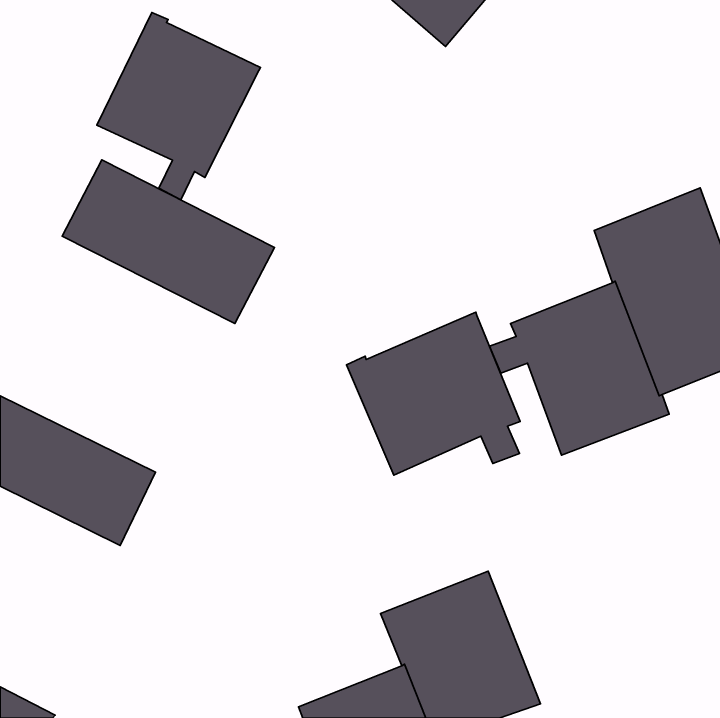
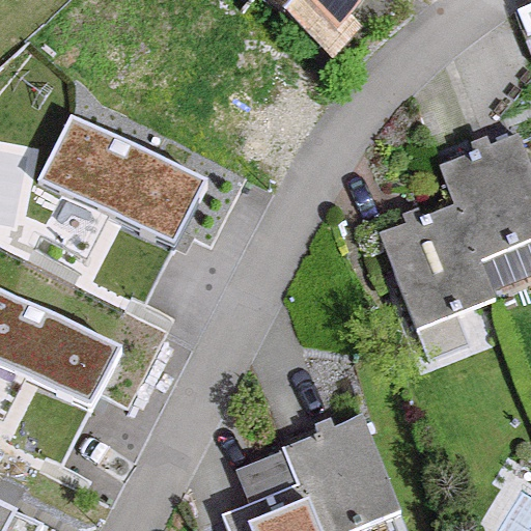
building: [97,12,261,200] -> none
building: [347,312,520,475] -> none

